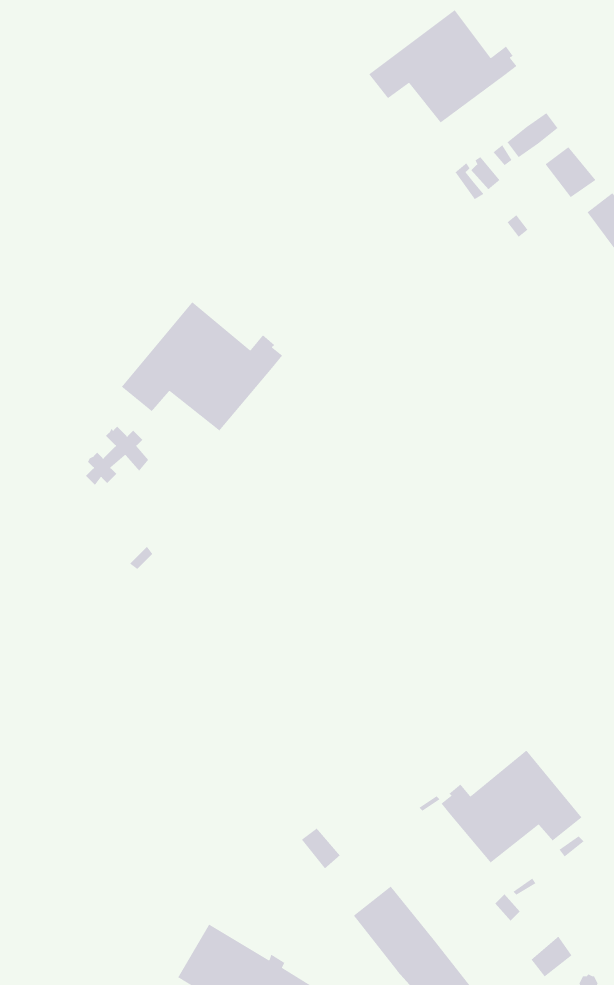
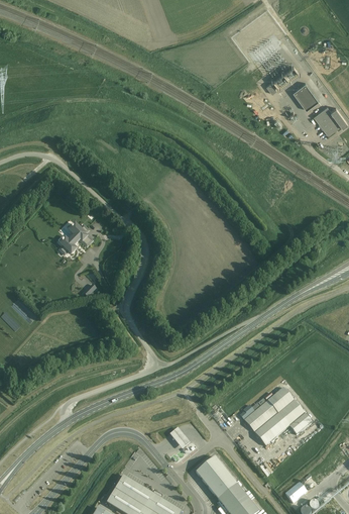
building: [368,9,517,123] -> none
building: [121,301,283,431] -> none

